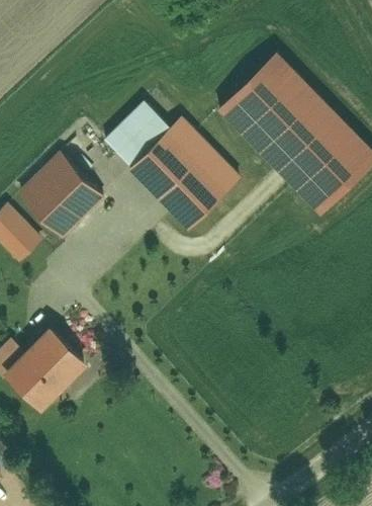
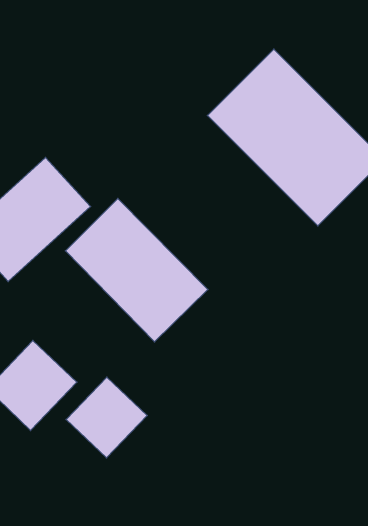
building: [100,94,235,230] -> [65,198,208,342]
building: none -> [66,377,147,458]

